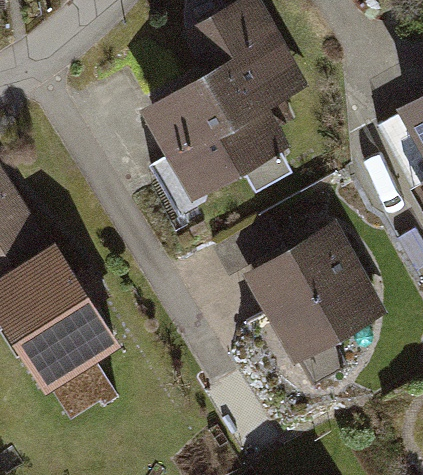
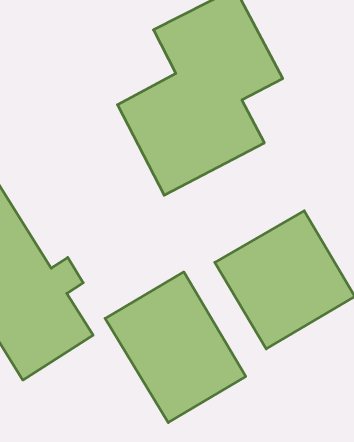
building: none -> [105,272,246,423]

